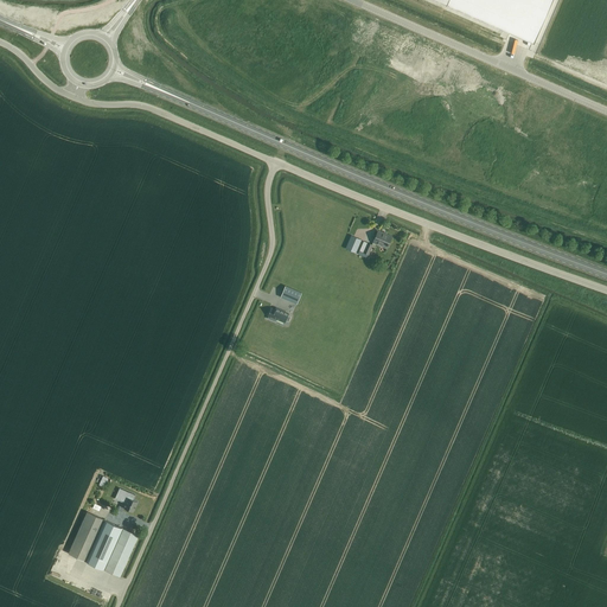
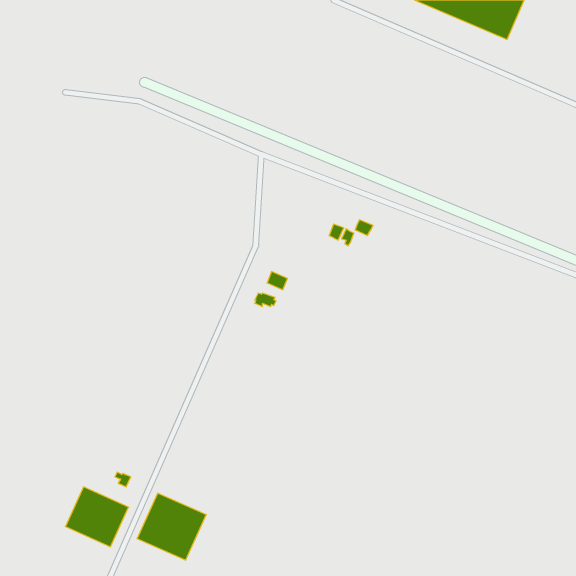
building: none -> [137,493,206,560]

